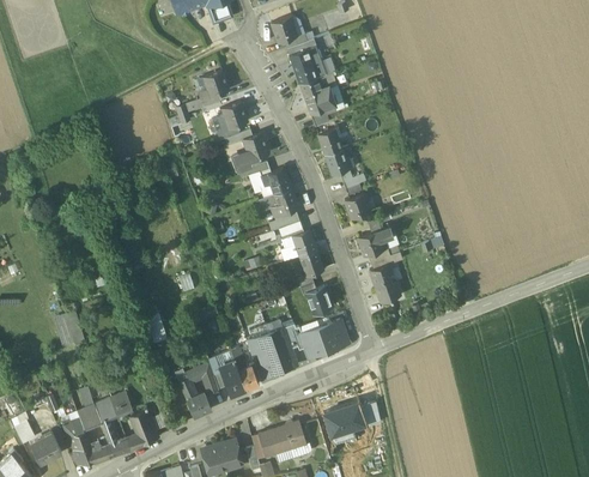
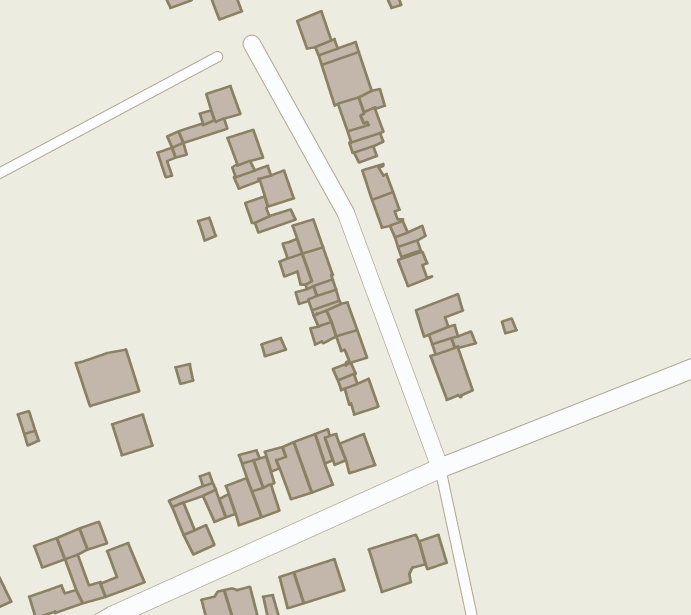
building: none -> [76,349,139,406]
building: [320,321,348,351] -> none
building: [61,411,87,448] -> none

